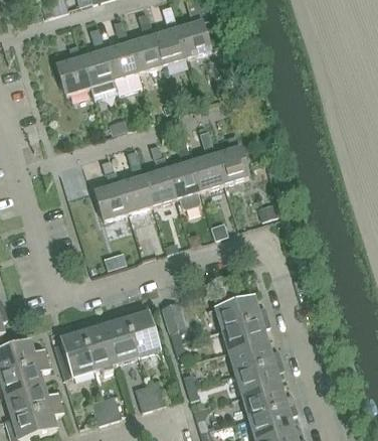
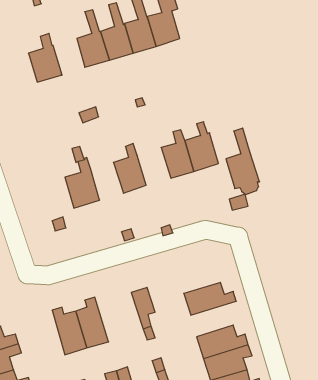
building: [81,27,117,98] -> none
building: [167,137,201,204] -> [226,128,260,195]
building: [120,150,153,213] -> none
building: [124,309,160,357] -> none
building: [221,316,270,352] -> none
building: [59,325,93,378] -> none

